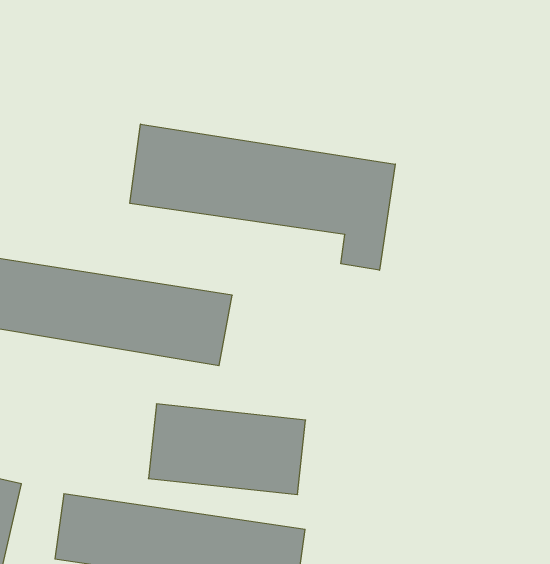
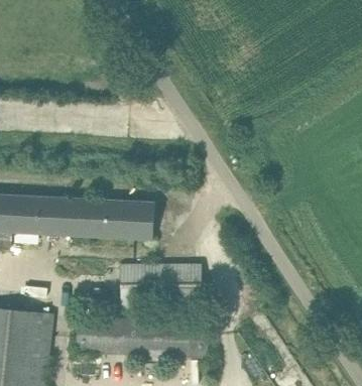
building: [130,124,395,270] -> none

